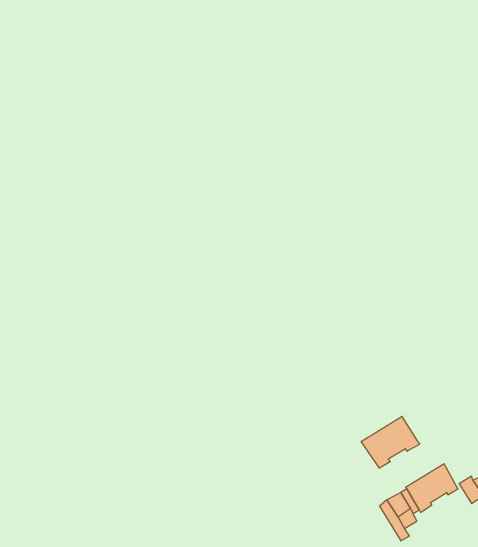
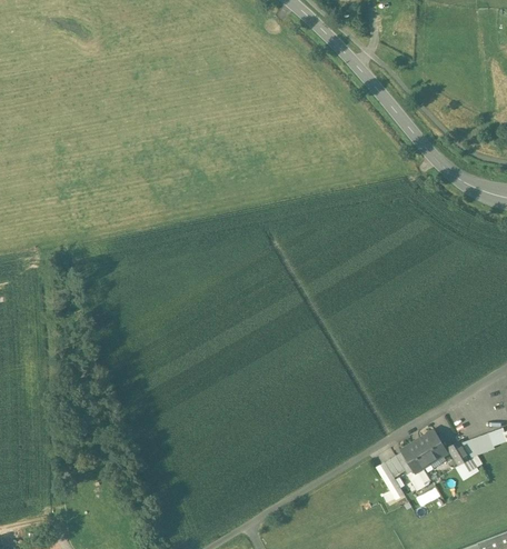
building: [361,416,420,468] -> none

